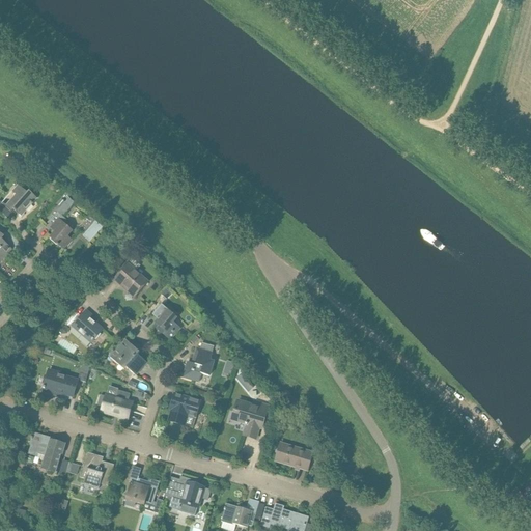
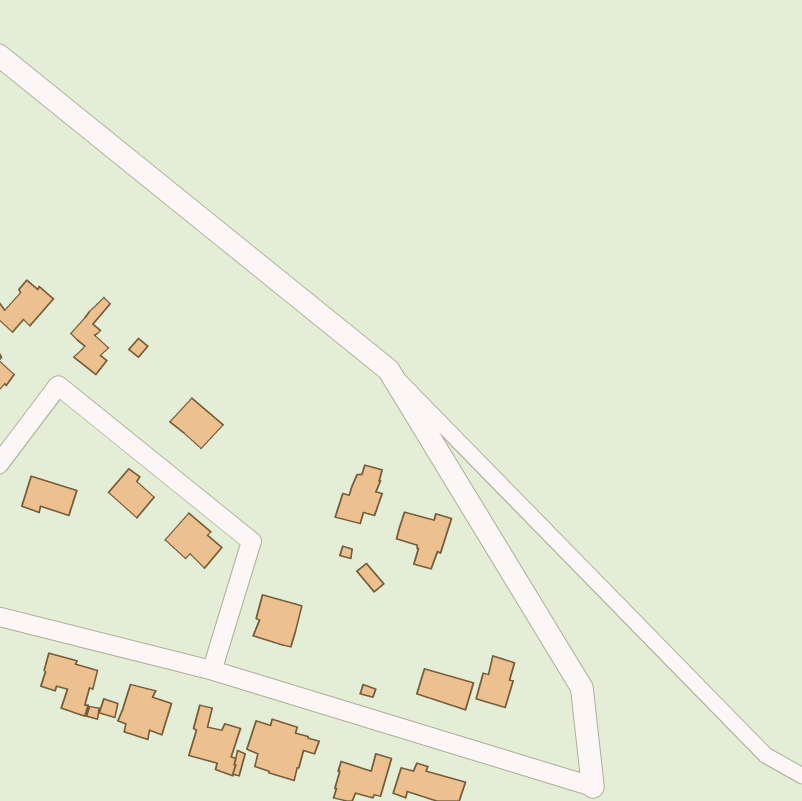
building: [151,302,179,338] -> none
building: [181,341,213,380] -> [335,465,382,523]
building: [40,369,77,395] -> [22,476,77,516]
building: [101,389,131,417] -> none
building: [231,399,268,437] -> [397,512,452,569]
building: none -> [476,656,515,707]

